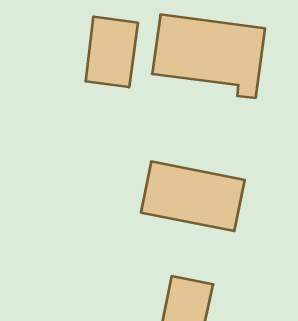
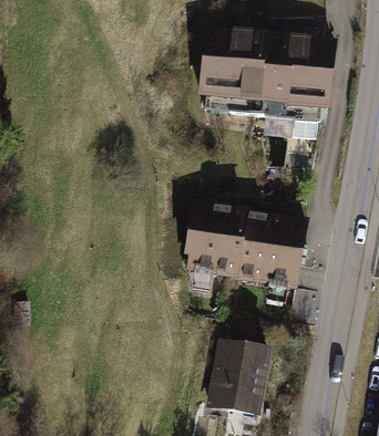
building: [86,17,138,87] -> none

